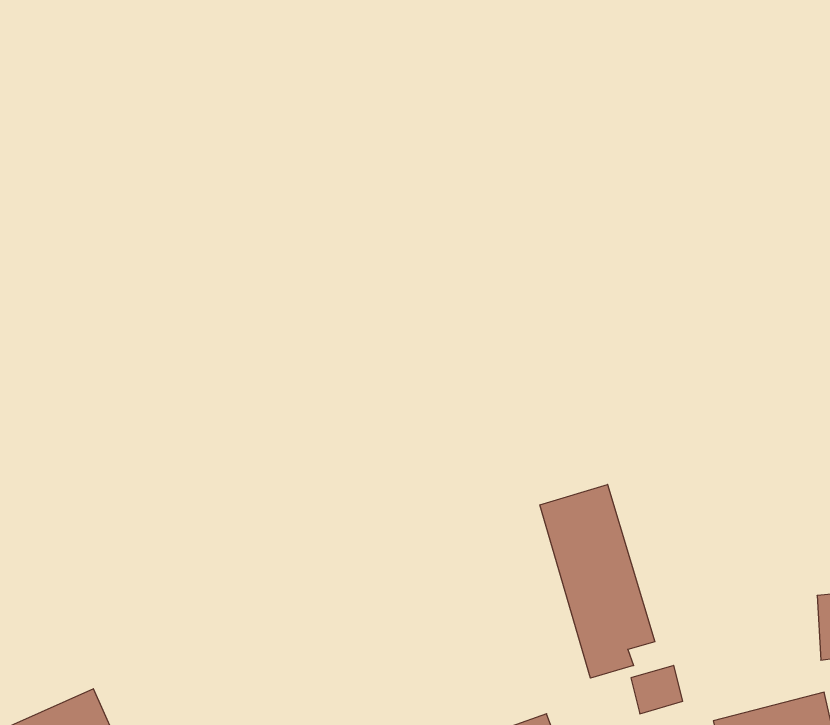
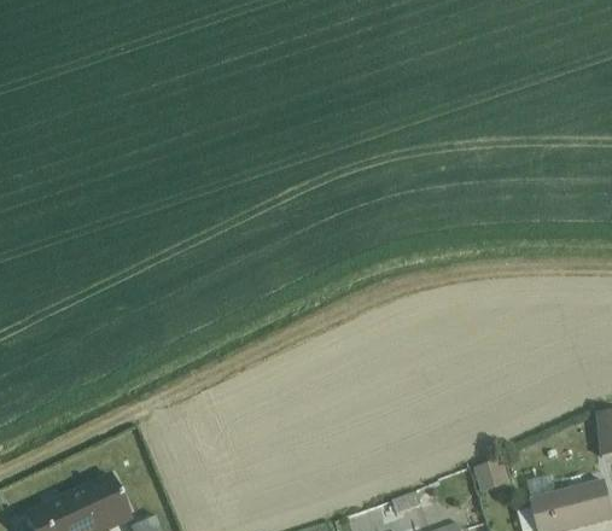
building: [540,484,655,678] -> none

